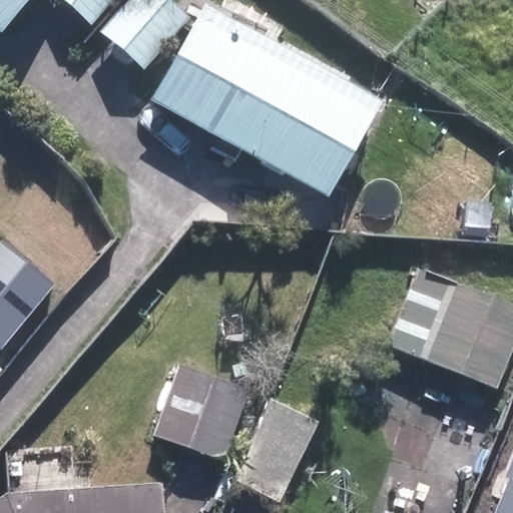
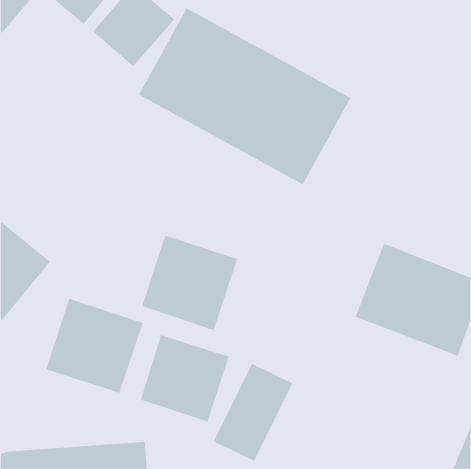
building: none -> [142,235,238,331]
building: none -> [45,298,144,394]

